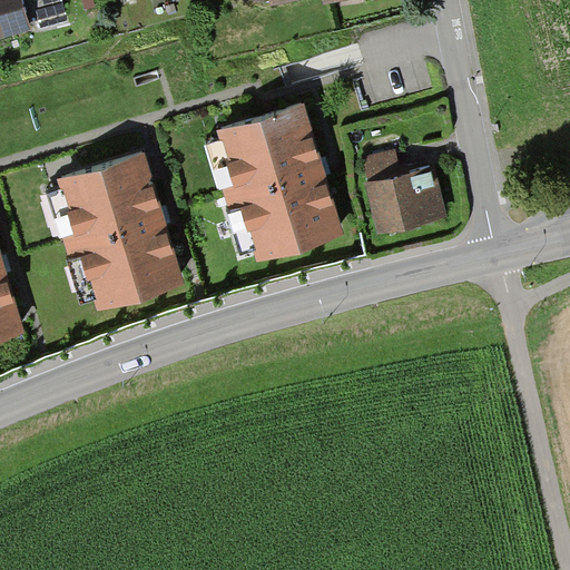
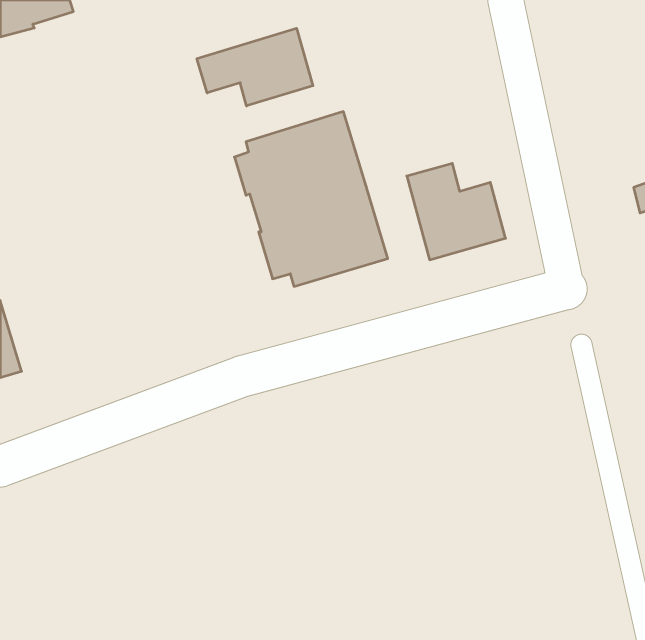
building: none -> [197,28,313,106]
building: [49,155,184,307] -> none

